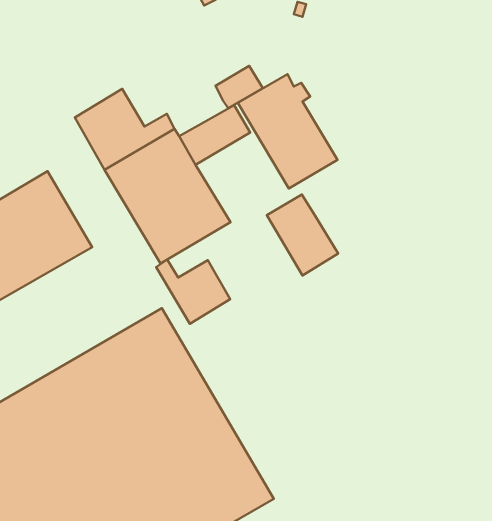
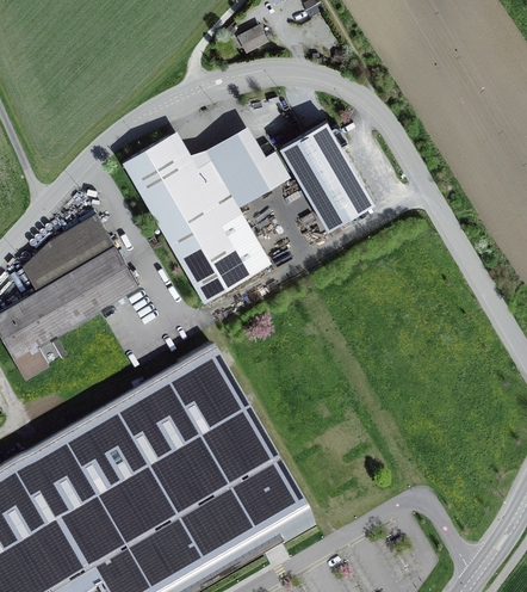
building: [216,66,263,108] -> [210,140,255,180]
building: [267,195,338,276] -> none
building: [156,260,230,324] -> none

